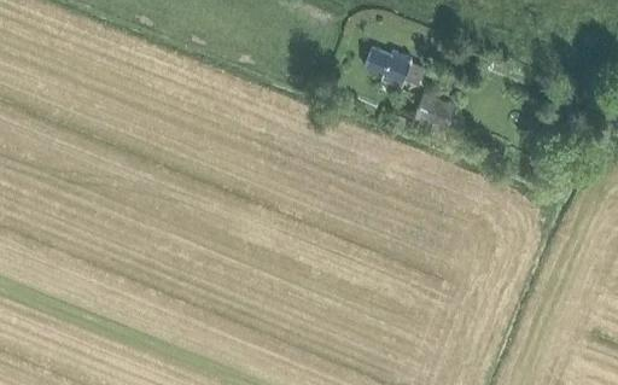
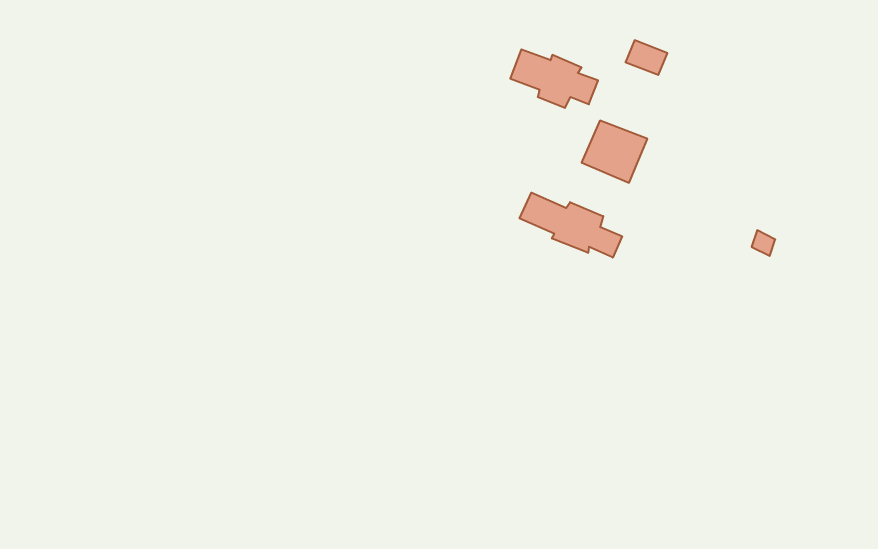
building: none -> [520,193,622,258]

